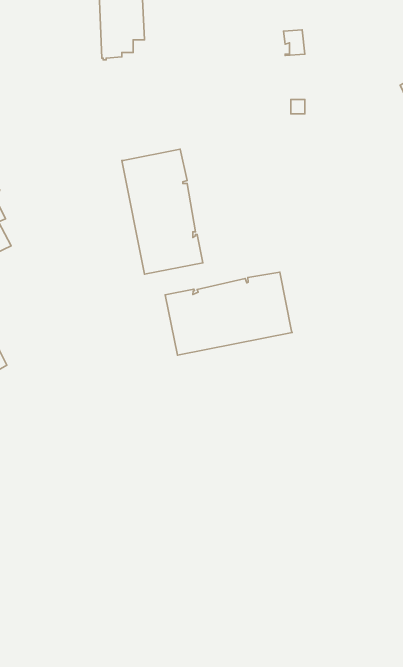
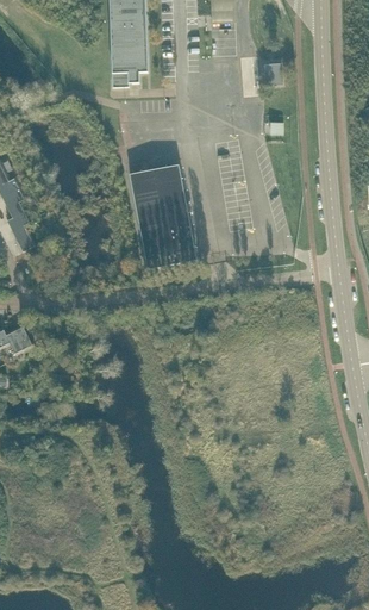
building: [165,272,292,355] -> none

